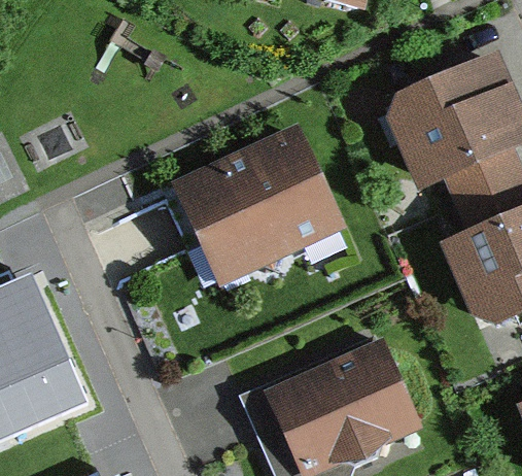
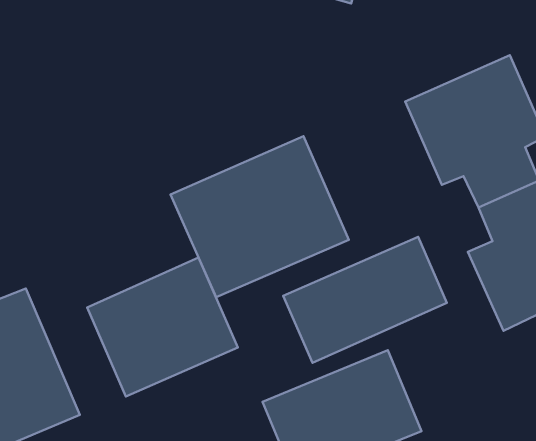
building: none -> [283,237,447,363]
building: none -> [87,258,238,397]

